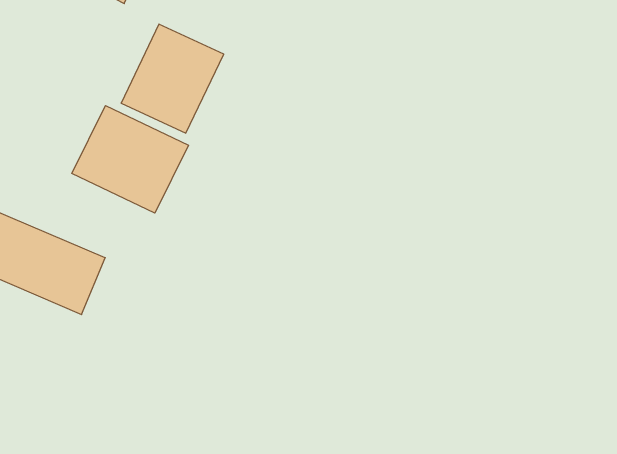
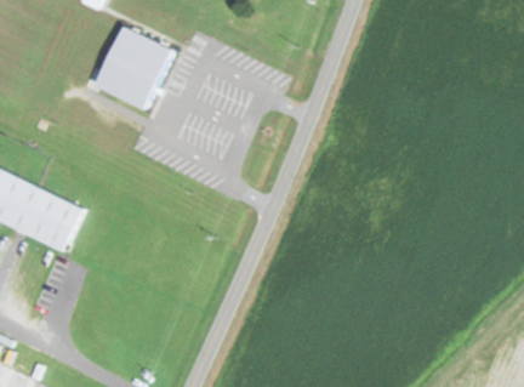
building: [72,106,188,213] -> none

